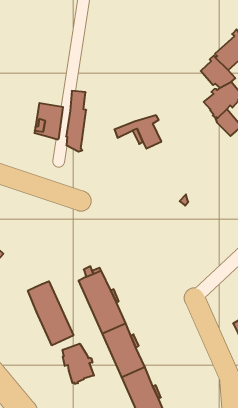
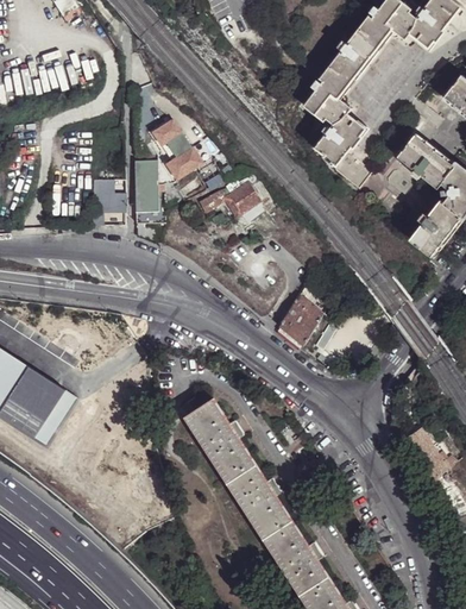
building: none -> [156,119,204,180]
building: none -> [279,295,322,345]
building: [28,281,73,345] -> none
building: [63,344,94,384] -> none

